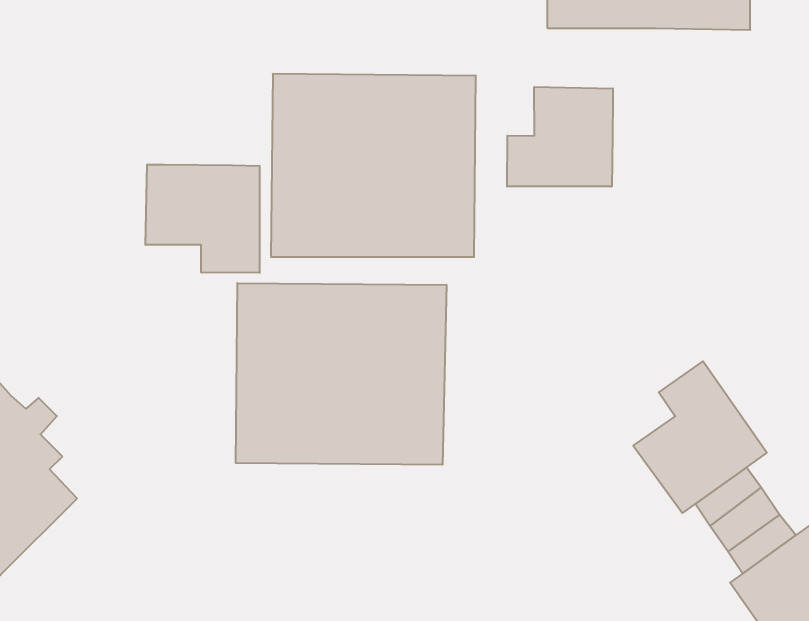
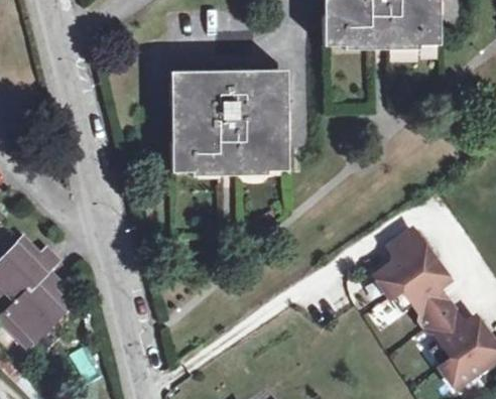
building: [507,87,613,187] -> none
building: [145,165,260,273] -> none
building: [236,283,446,465] -> none

